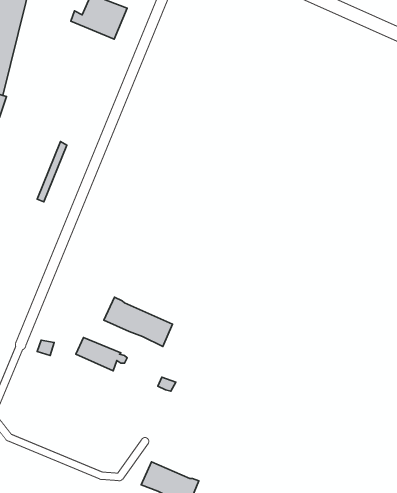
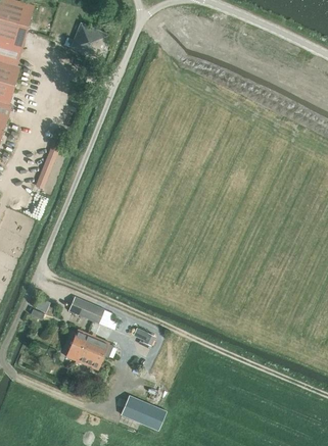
building: [104,297,172,346] -> none
building: none -> [65,329,108,369]

